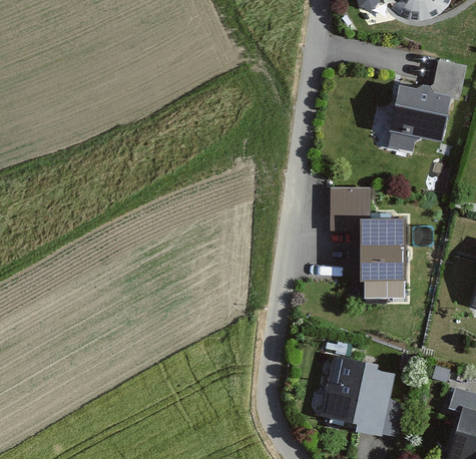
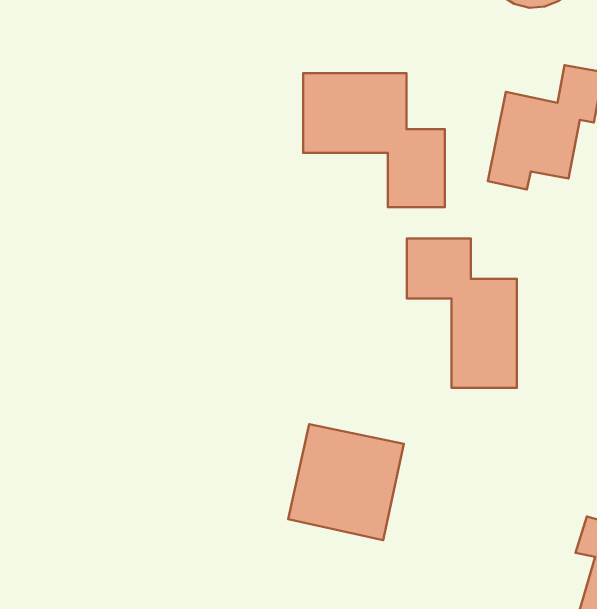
building: none -> [303,73,445,207]
building: [312,355,395,438] -> [288,424,404,540]

